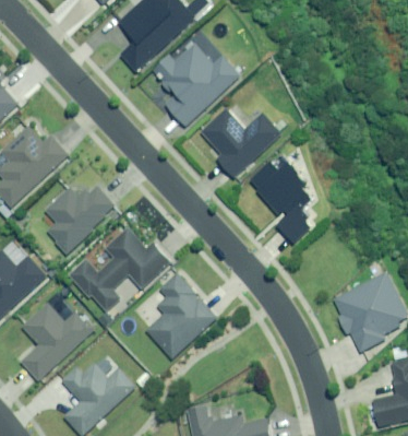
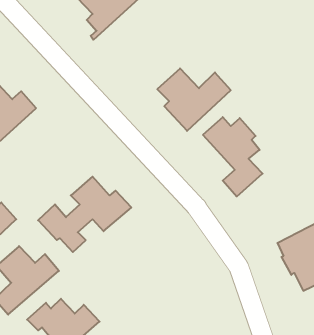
building: [151,44,242,127] -> none
building: [47,186,117,255] -> none
building: [146,271,216,355] -> none

